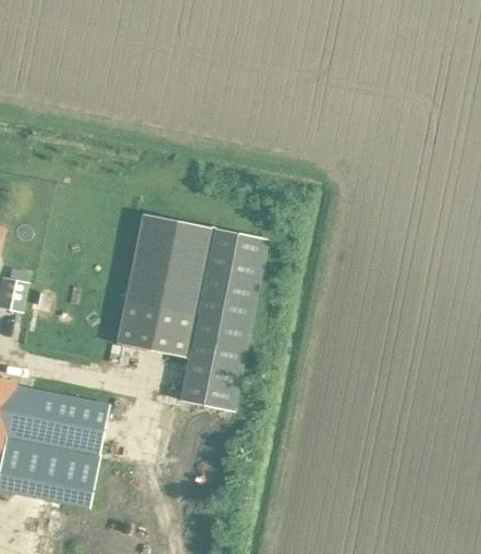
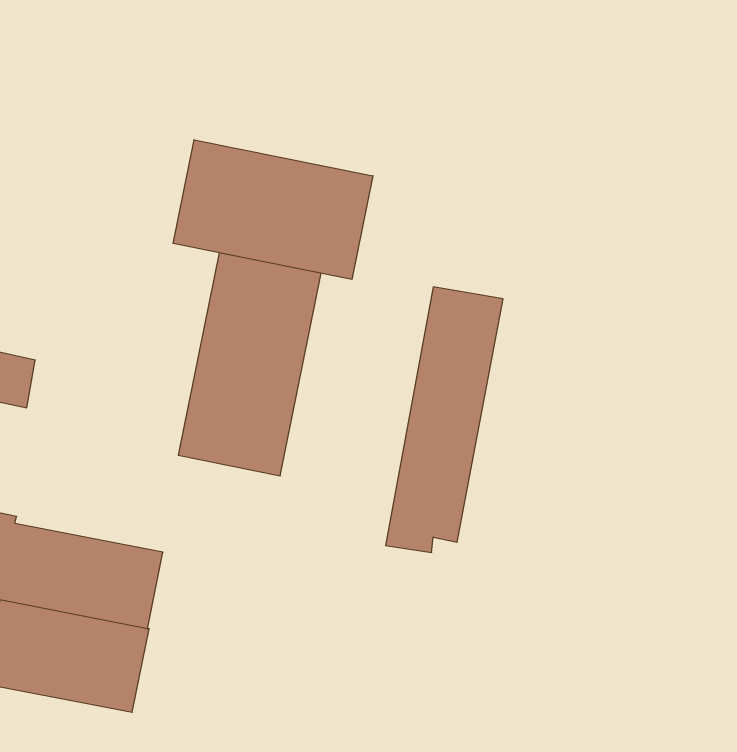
building: none -> [173,140,373,279]
building: [185,230,260,399] -> [386,287,503,552]

